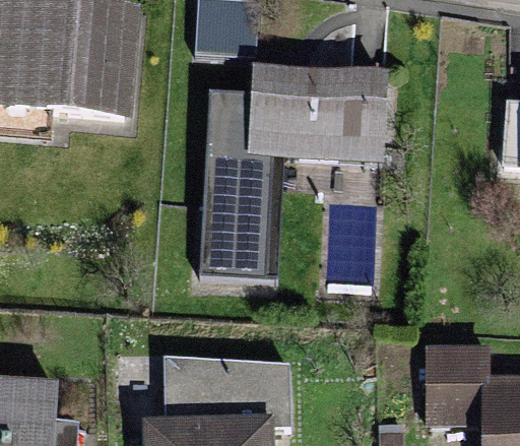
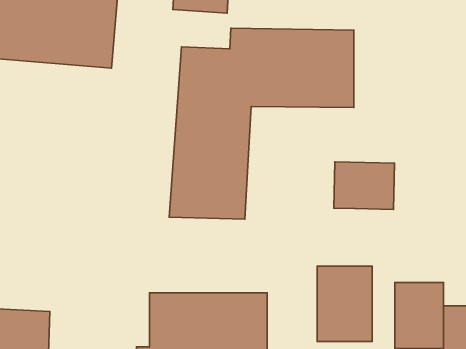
building: none -> [334,162,394,210]
building: none -> [317,266,372,342]

